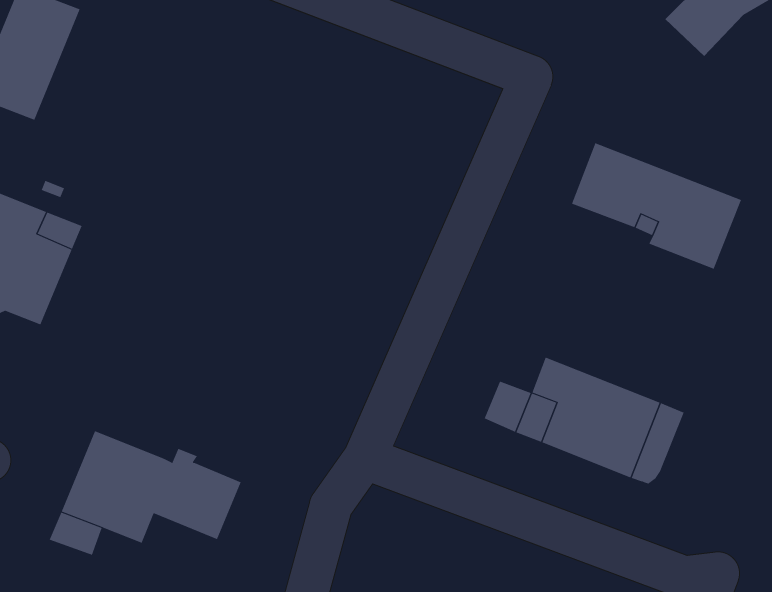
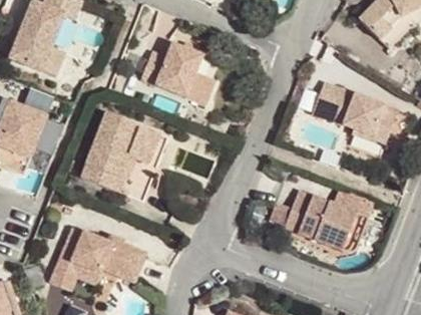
building: none -> [139,42,202,97]
building: none -> [80,111,159,202]

